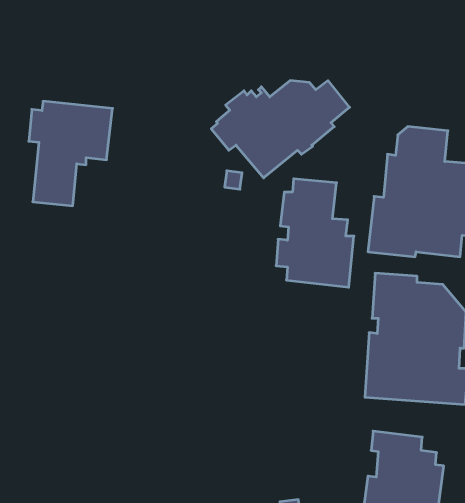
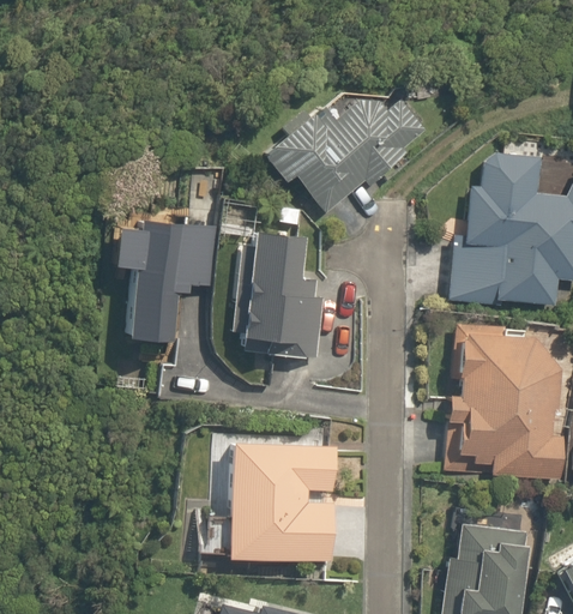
building: [29,101,113,206] -> [122,219,221,342]
building: [276,179,354,287] -> [234,231,325,359]
building: none -> [228,441,333,562]

